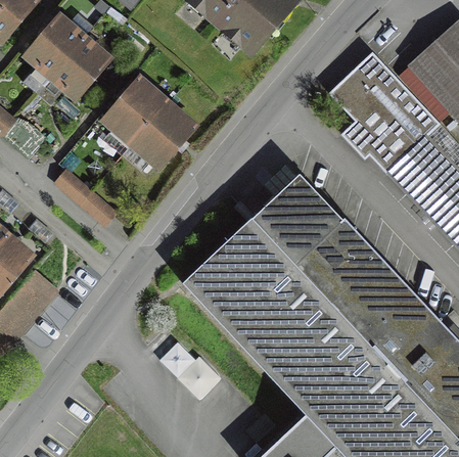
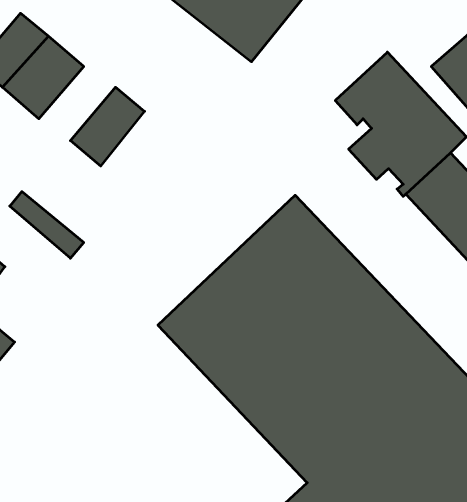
building: [131,100,203,176] -> none

